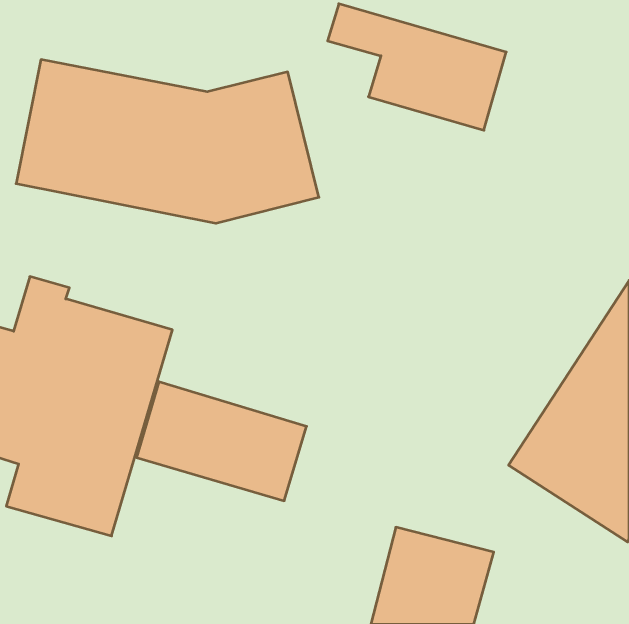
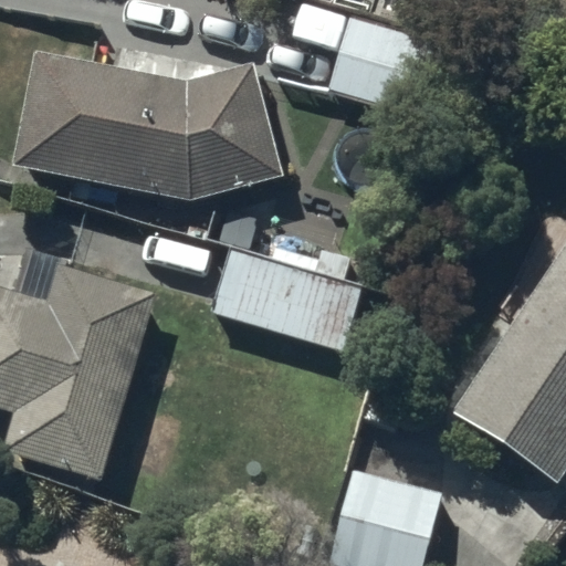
building: [137,382,307,501] -> [210,245,361,352]

